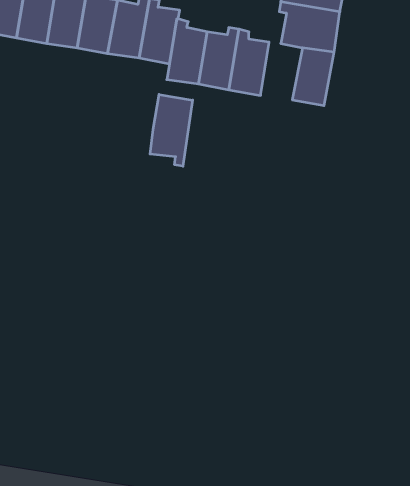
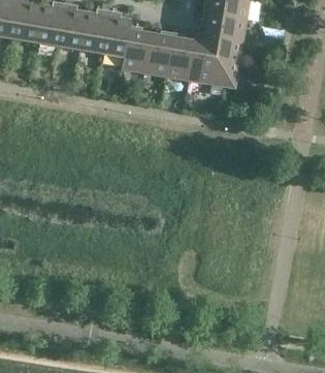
building: none -> [188,41,218,83]
building: [150,94,193,166] -> none

